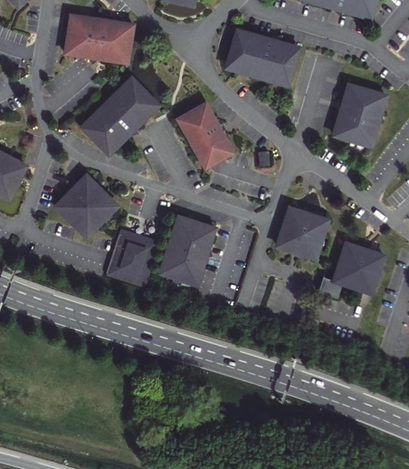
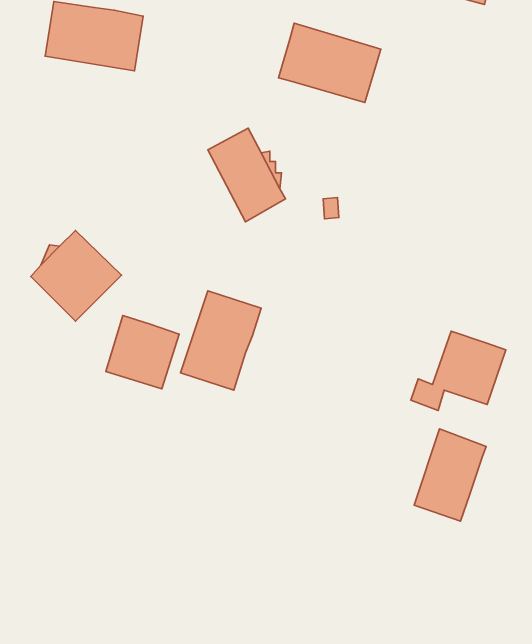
building: [81,77,158,154] -> none
building: [334,84,385,145] -> none
building: [277,208,328,258] -> none
building: none -> [414,429,486,521]

